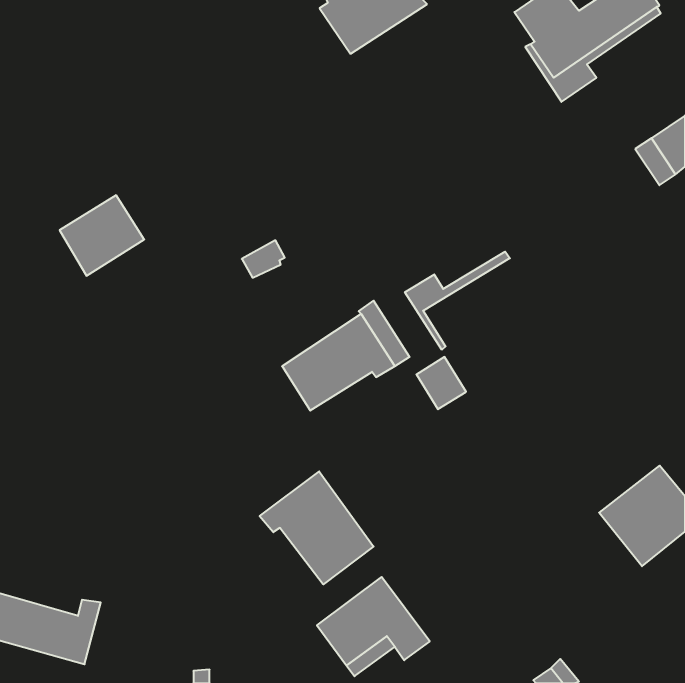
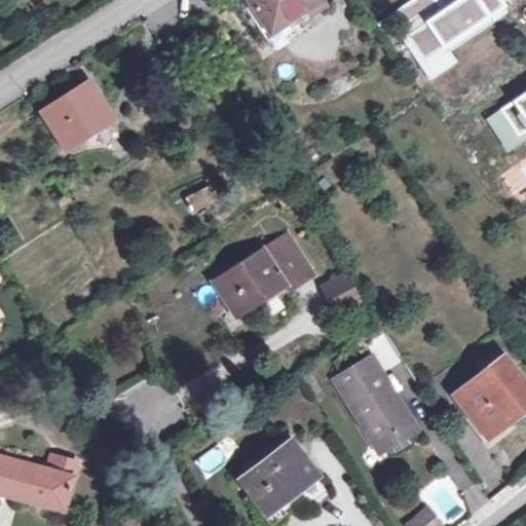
building: [60,195,144,276] -> [44,83,109,145]
building: [405,252,510,350] -> none
building: none -> [335,356,414,450]
building: [260,471,374,584] -> none

